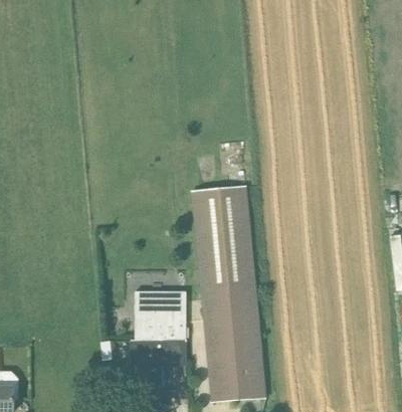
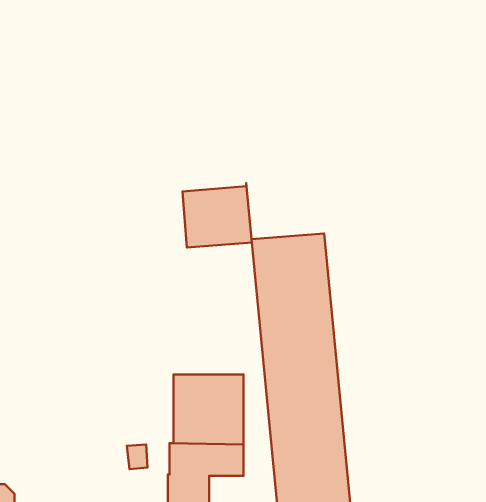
building: none -> [183,183,252,248]

